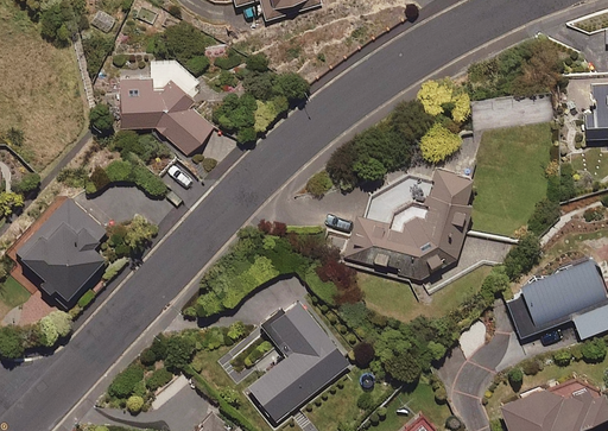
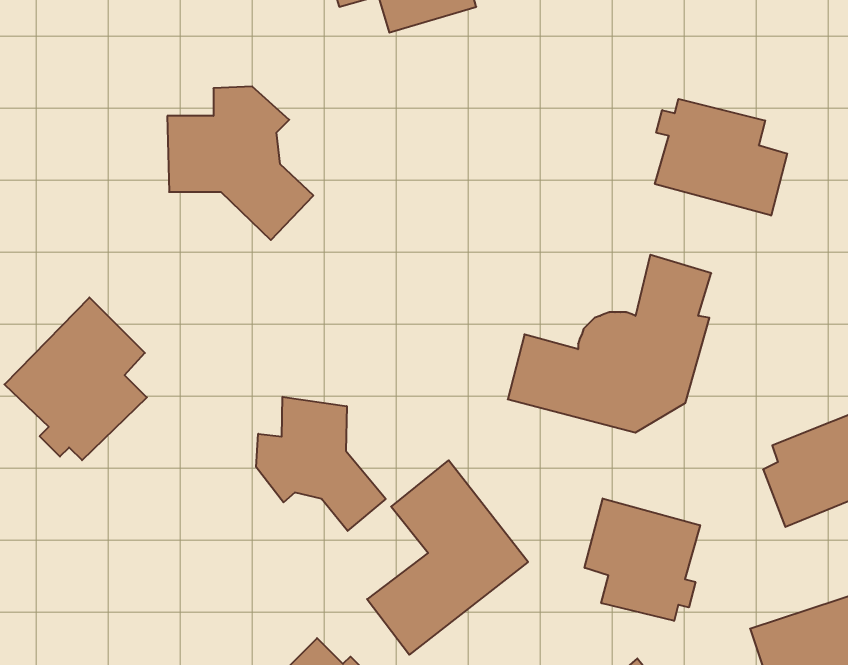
building: none -> [655,99,787,216]
building: none -> [256,397,386,531]
building: none -> [585,498,700,621]

